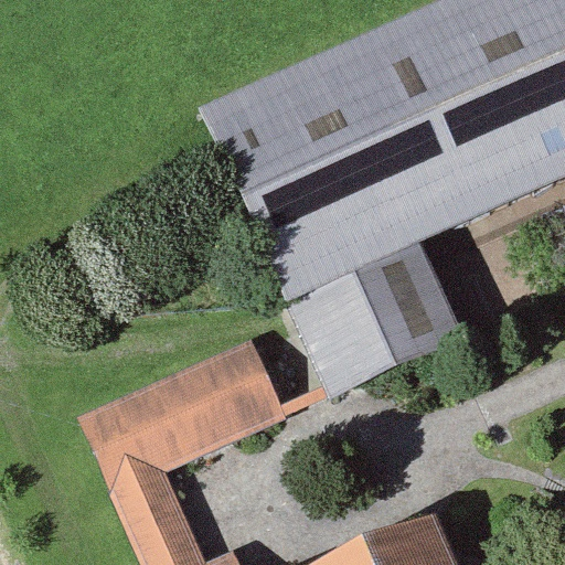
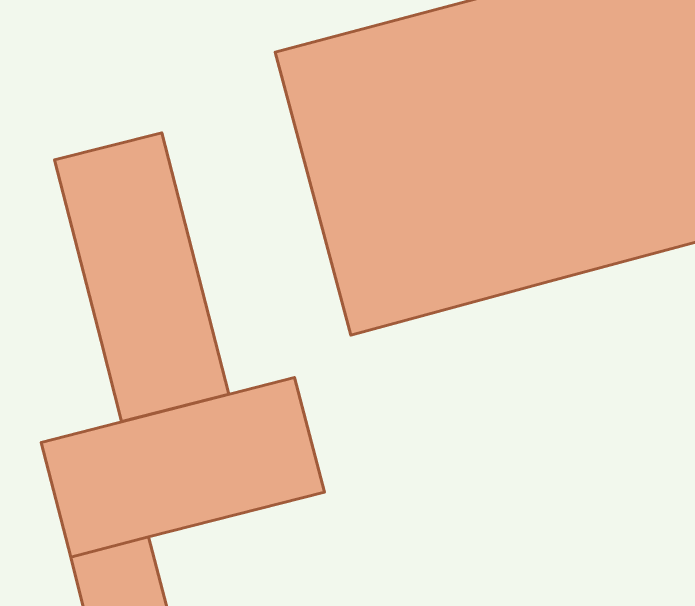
building: none -> [54,133,229,421]
building: [288,245,463,398] -> none

